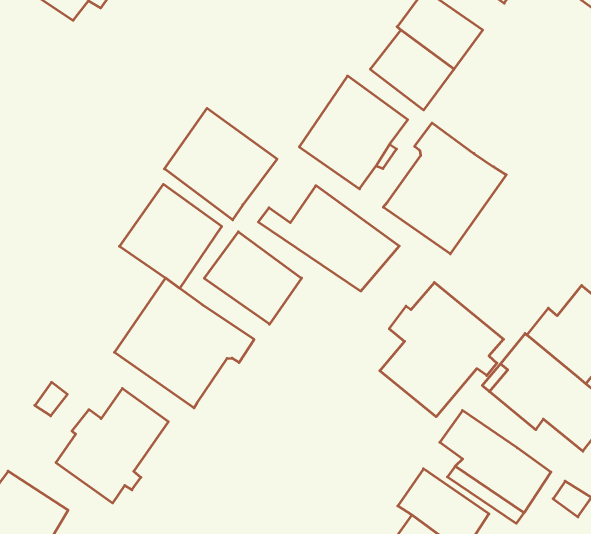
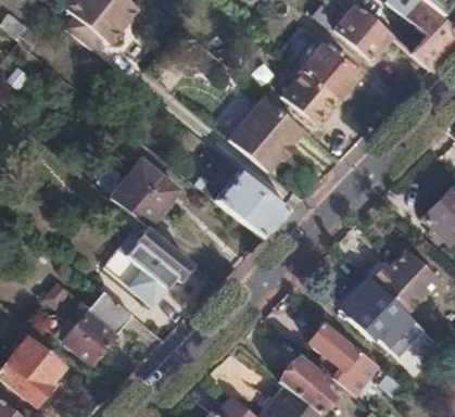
building: [164,108,277,220] -> none
building: [383,123,506,254] -> none
building: [204,232,302,324] -> none
building: [380,282,504,417] -> none

